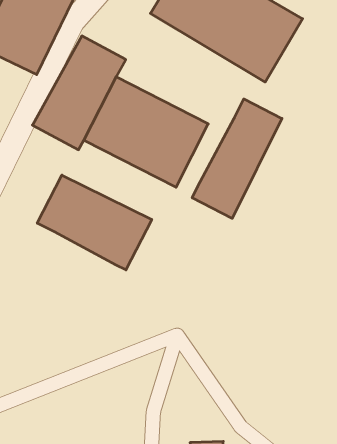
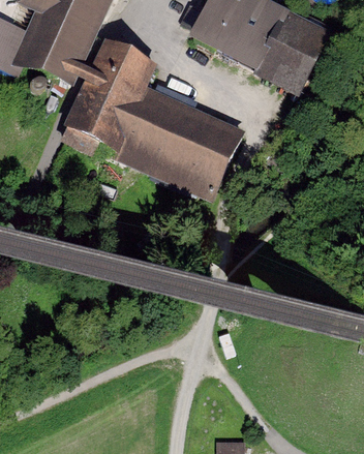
building: [192,99,282,218] -> none
building: [37,175,152,270] -> none

